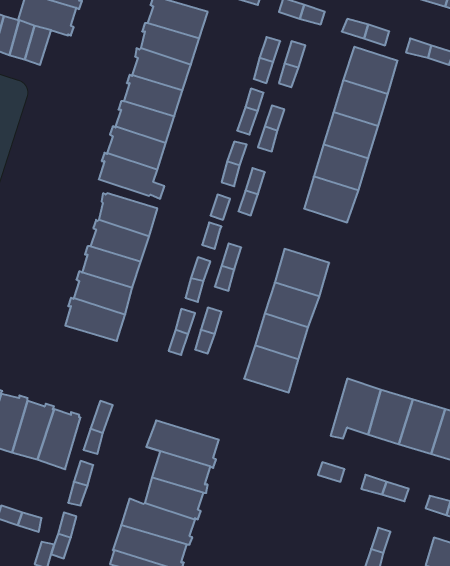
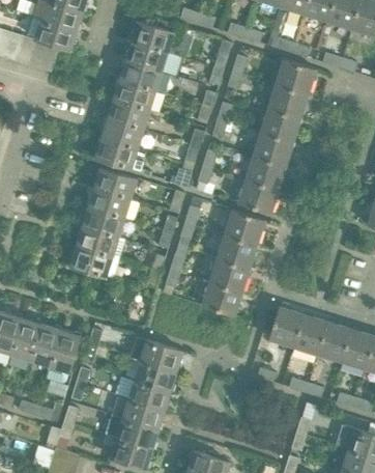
building: none -> [239,179,279,213]

